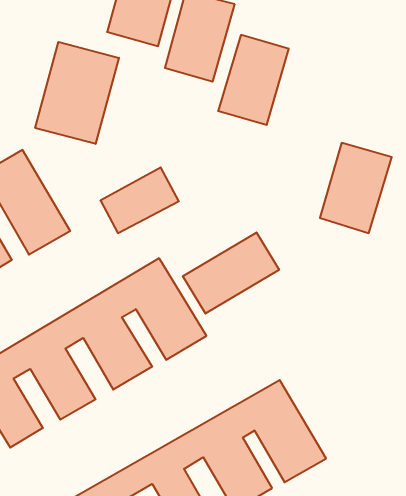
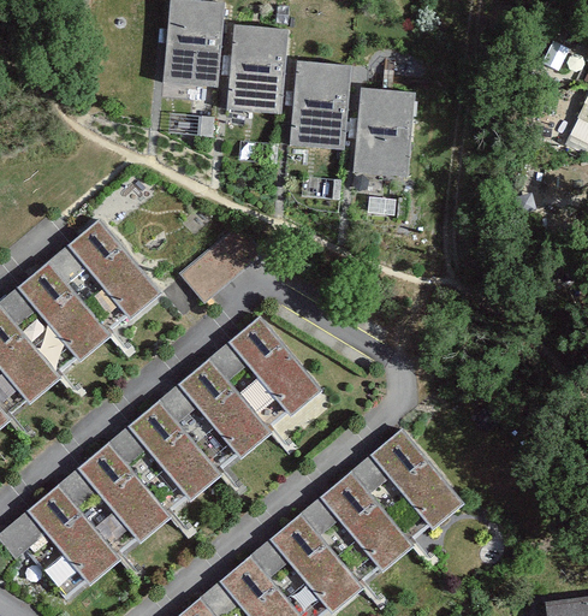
building: [35,42,119,144] -> none
building: [320,143,392,233] -> [355,91,420,182]
building: [183,232,279,314] -> none

